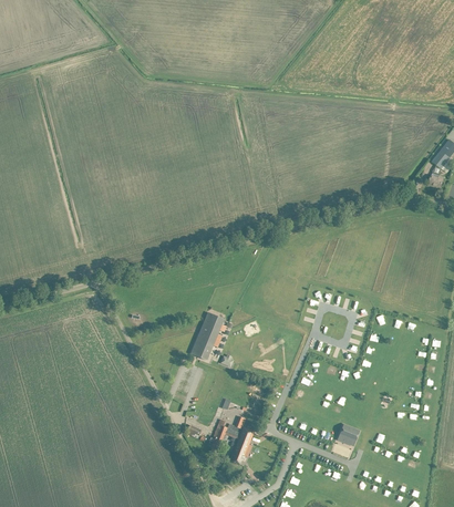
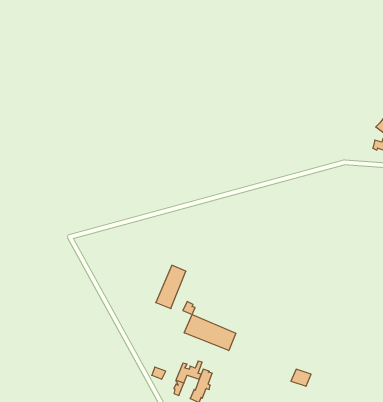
building: none -> [184,315,236,351]

